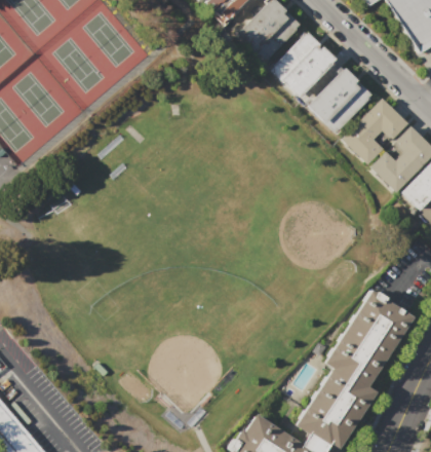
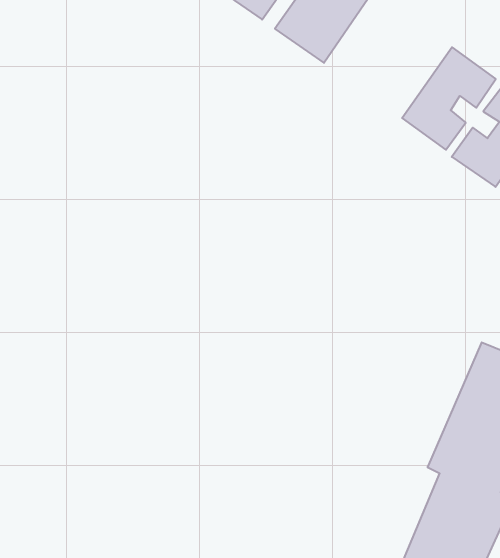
building: [309,69,371,131] -> none

